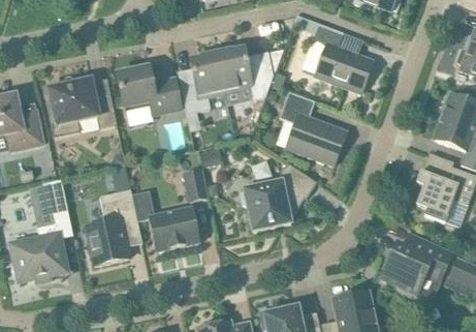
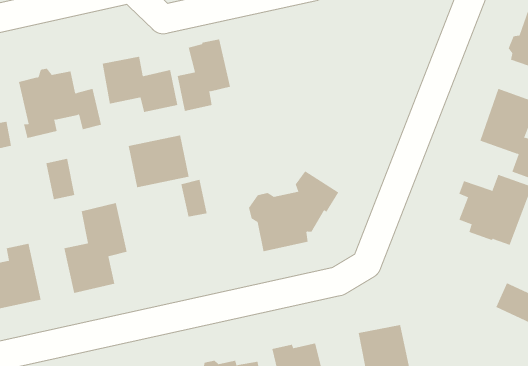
building: [313,25,373,91] -> none
building: [216,47,273,97] -> none
building: [279,90,346,164] -> none
building: [41,179,66,214] -> [46,158,75,200]
building: [147,207,198,251] -> [128,135,189,188]
building: [380,236,450,296] -> none

